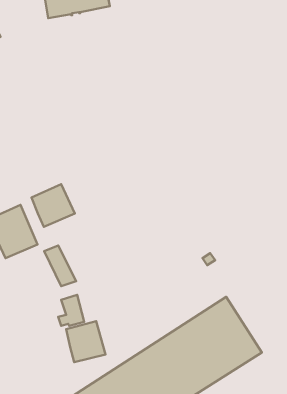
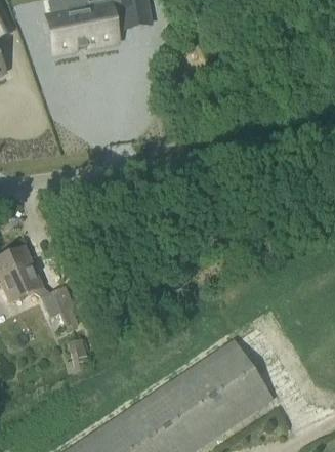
building: [31,184,75,227] -> none
building: [66,321,105,362] -> none

